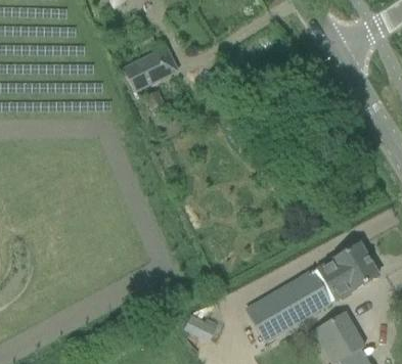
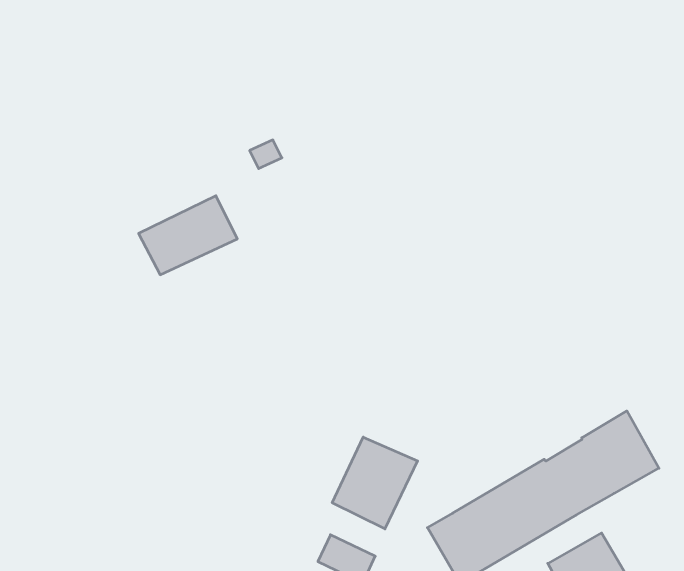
building: [122,44,178,89] -> [139,196,237,275]
building: none -> [332,437,418,529]

